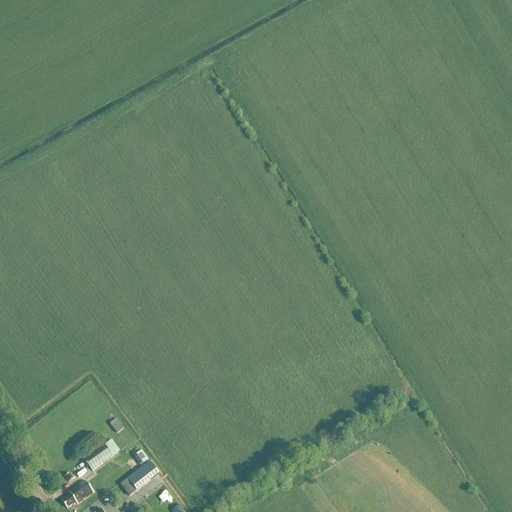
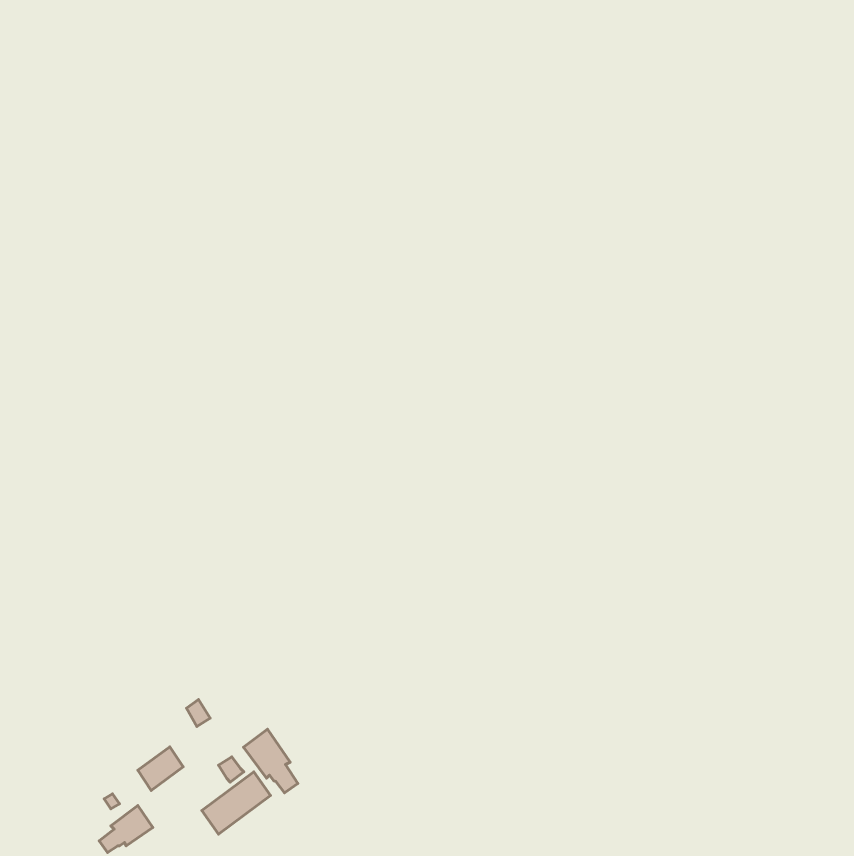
building: none -> [243,729,298,793]

